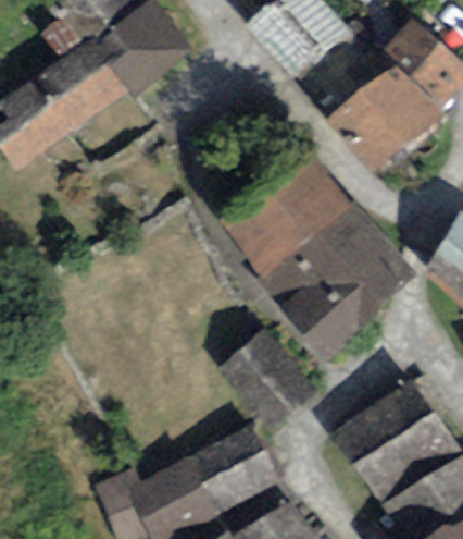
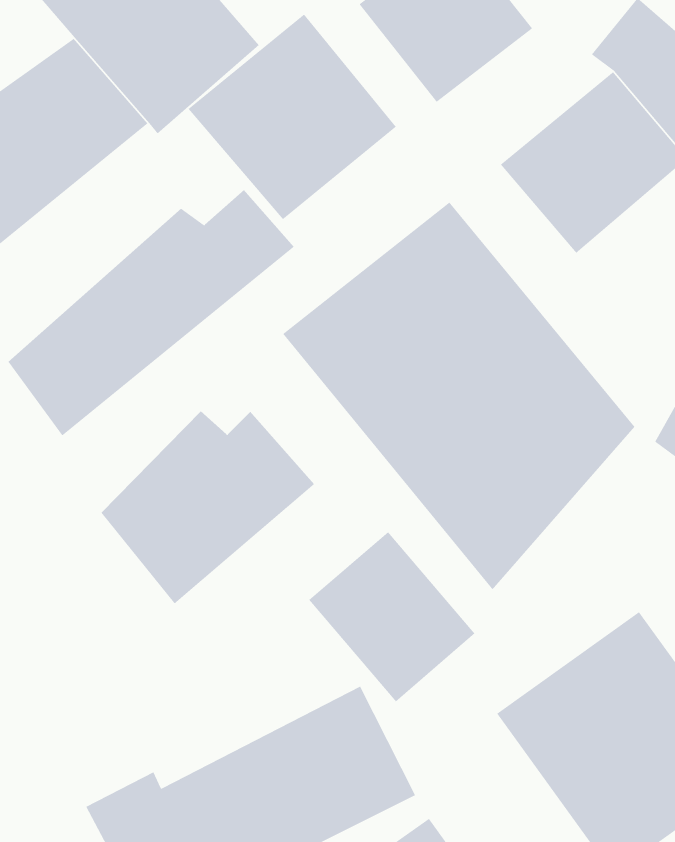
building: none -> [187,13,397,220]
building: none -> [8,189,295,436]
building: none -> [100,411,315,604]

